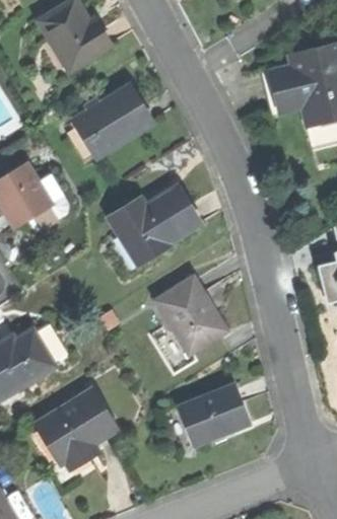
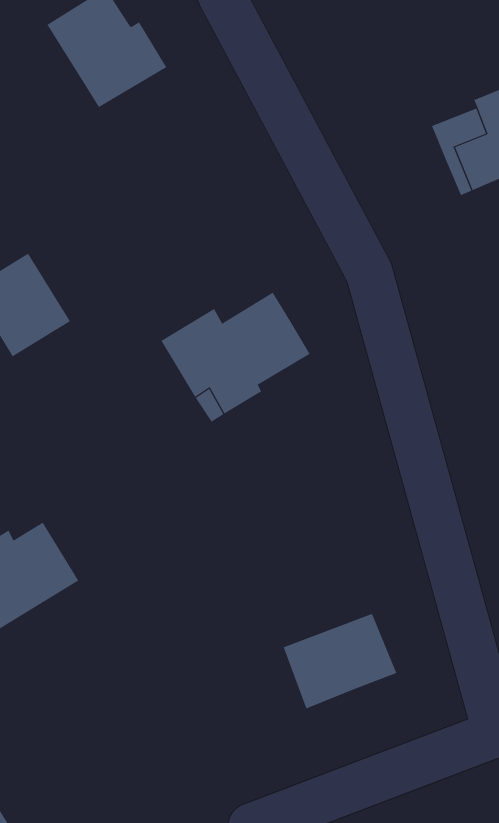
building: [72,84,152,156] -> none
building: [160,283,226,353] -> none
building: [35,390,117,470] -> none

